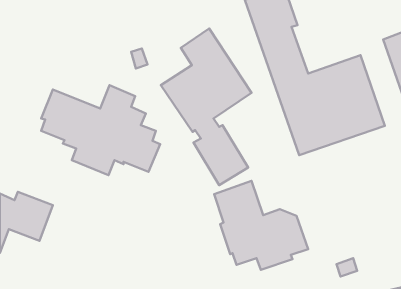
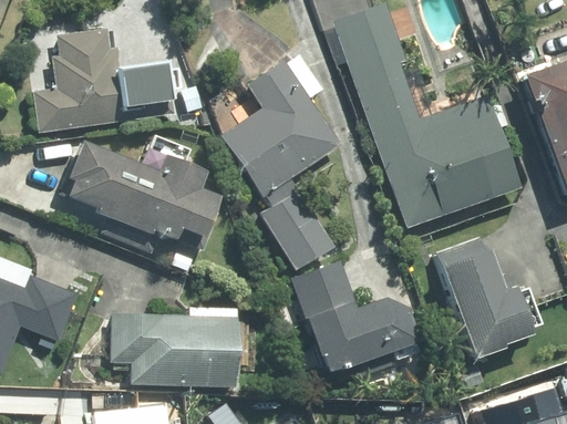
building: none -> [32,28,175,133]
building: none -> [435,236,527,355]
building: none -> [112,312,238,385]

